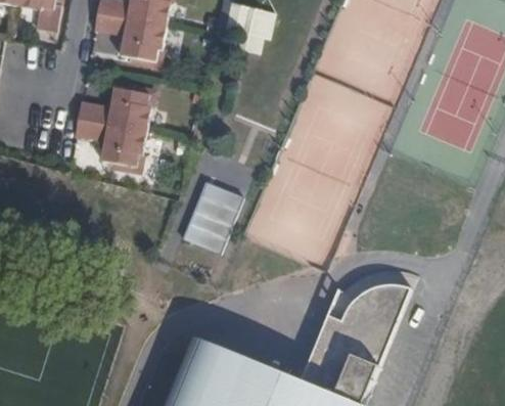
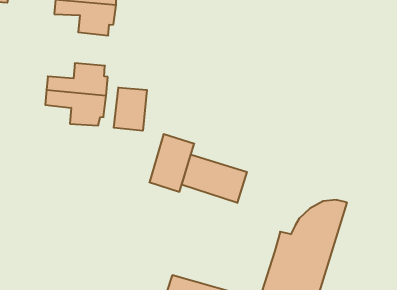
building: none -> [114,87,147,131]
building: none -> [182,155,247,203]

